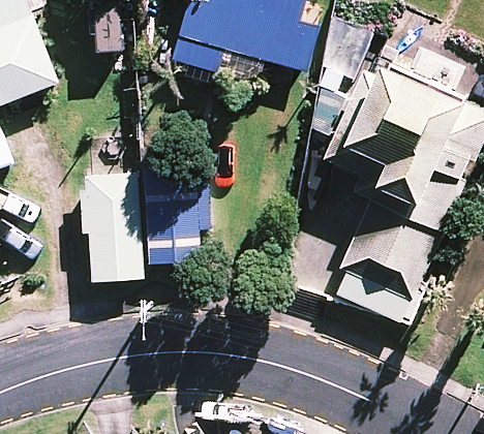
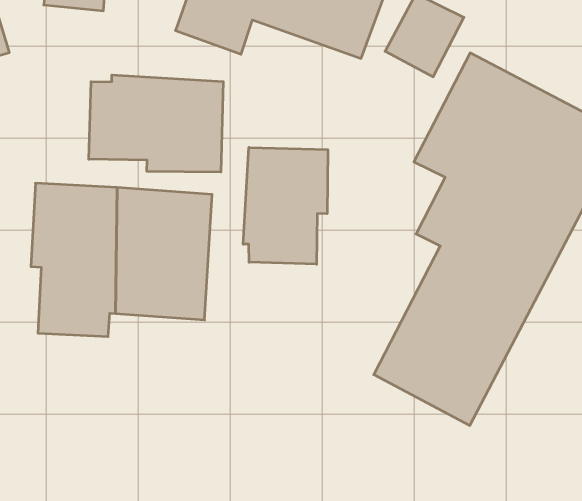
building: none -> [89,75,223,172]
building: none -> [243,147,328,264]

